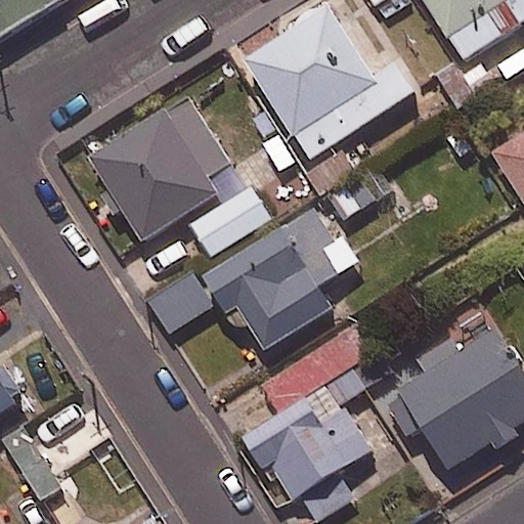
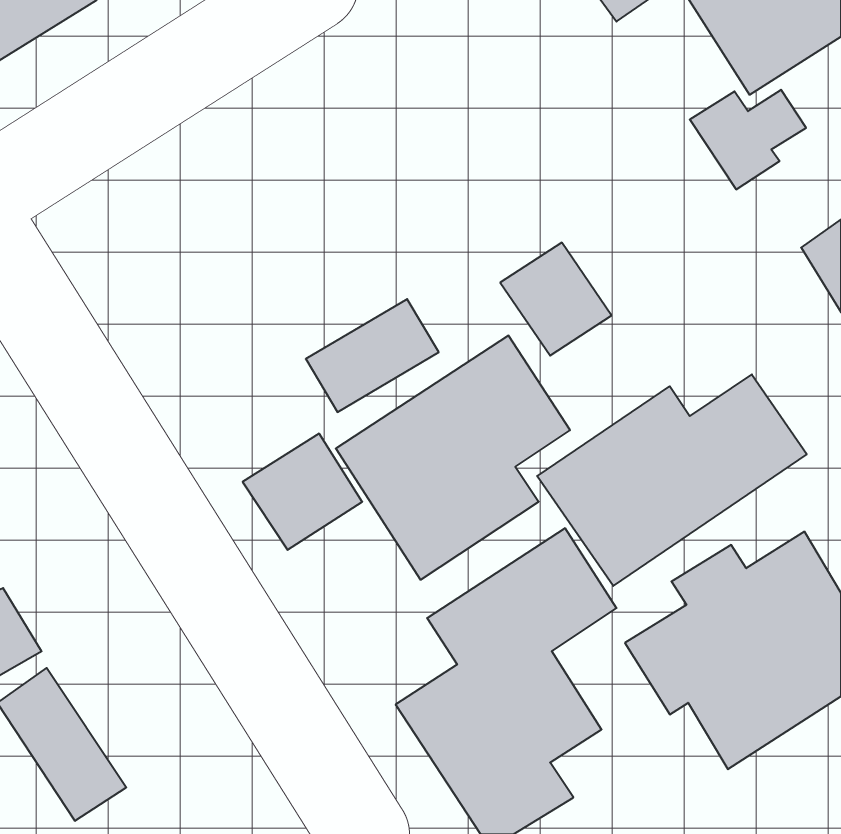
building: [244,6,413,160] -> none
building: [89,97,230,244] -> none
building: none -> [537,374,807,586]

